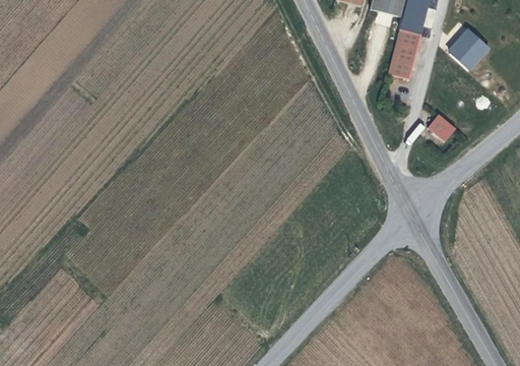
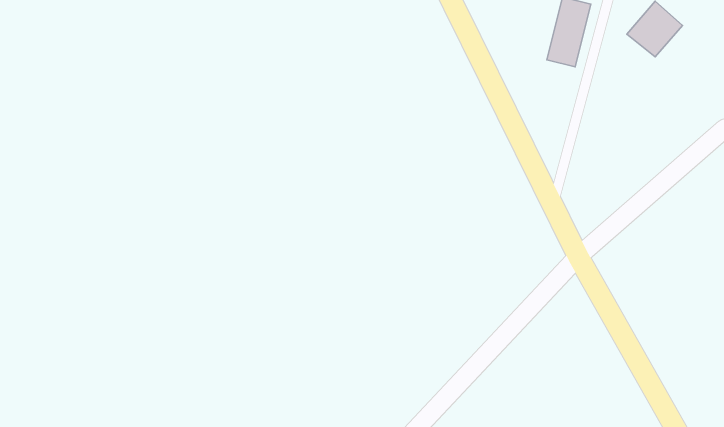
building: [425,115,453,143] -> none

